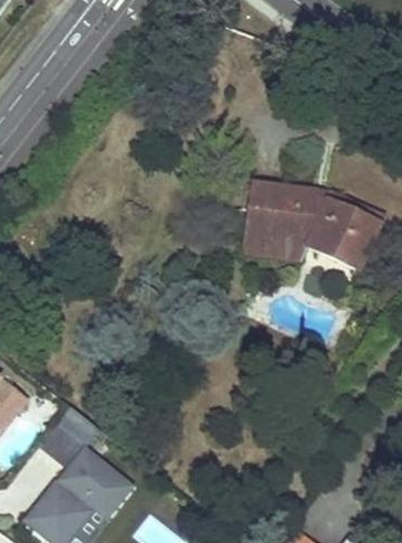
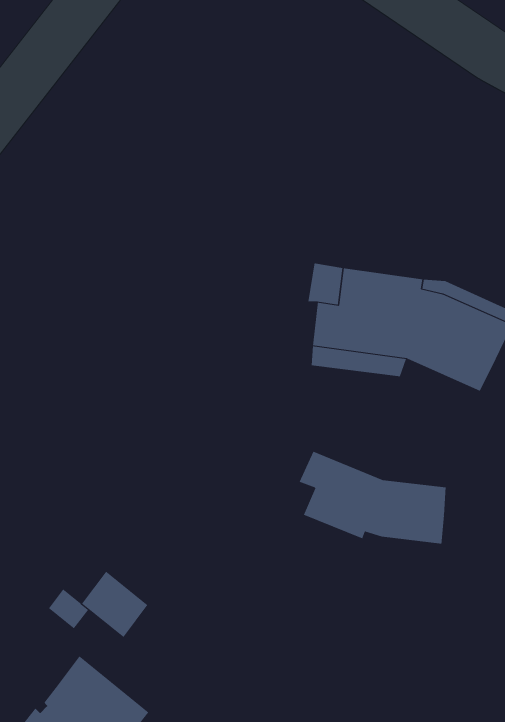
building: none -> [299,451,446,544]
building: [40,423,85,468] -> [81,571,148,638]

